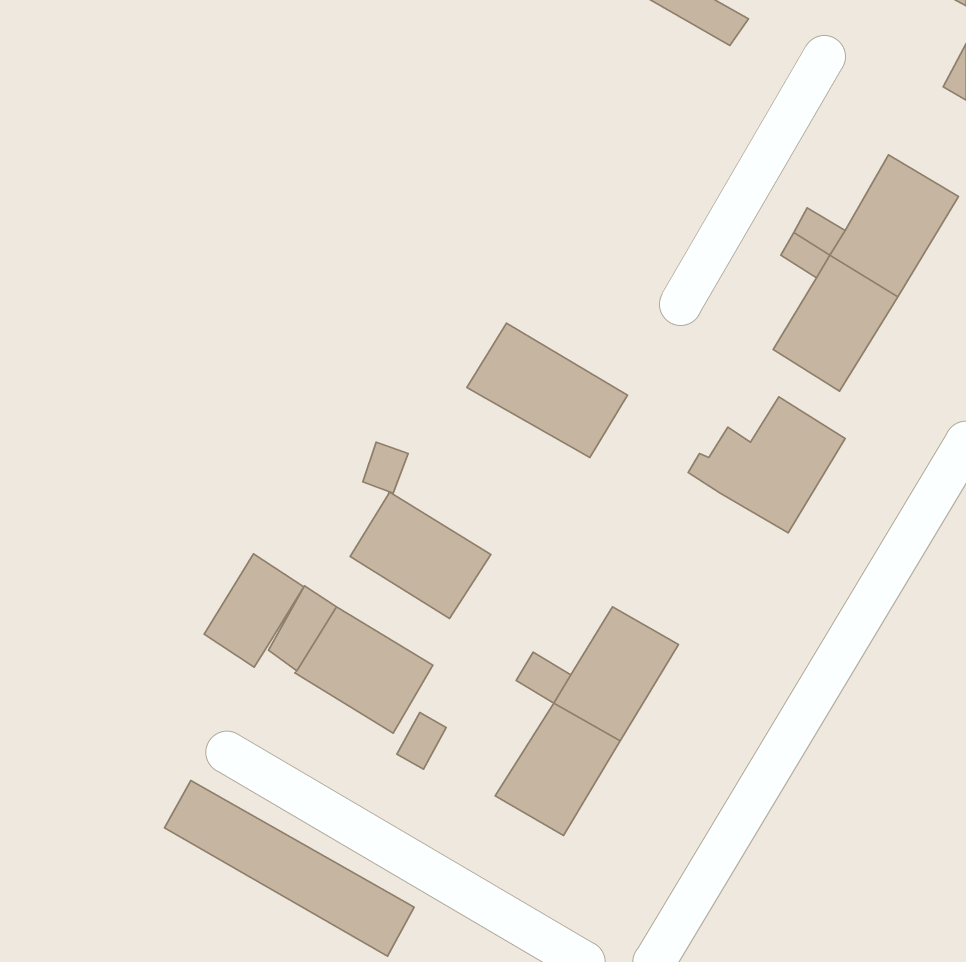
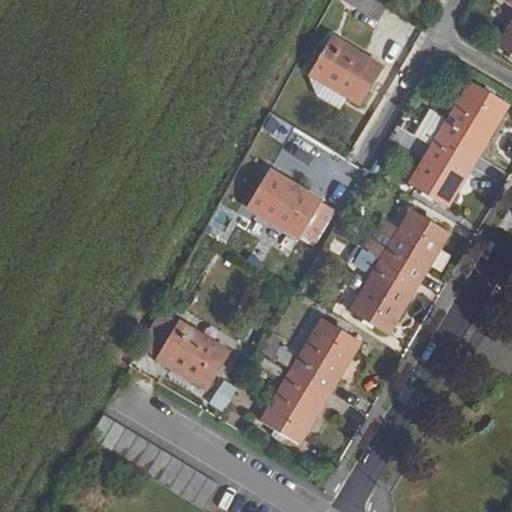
building: none -> [313,39,384,104]
building: [350,492,491,618] -> none
building: none -> [350,261,417,333]
building: [204,554,304,667] -> none

